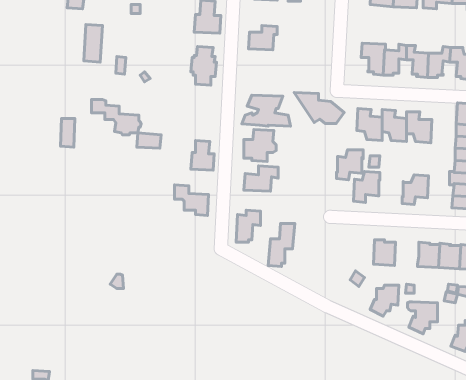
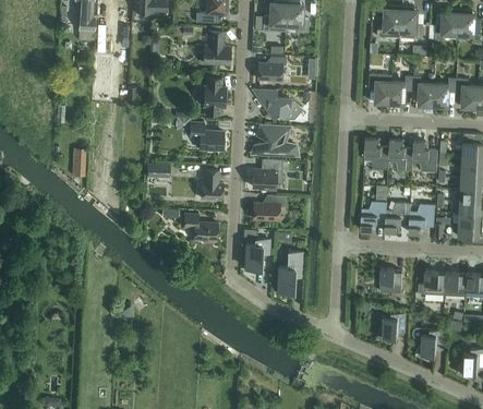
building: [294,93,344,123] -> [252,89,301,120]
building: [91,100,141,135] -> [176,117,225,152]
building: [336,150,363,180] -> [384,203,410,232]

